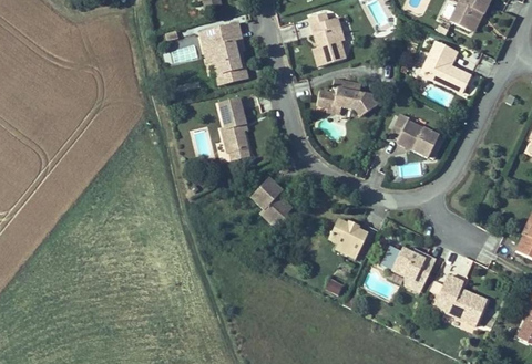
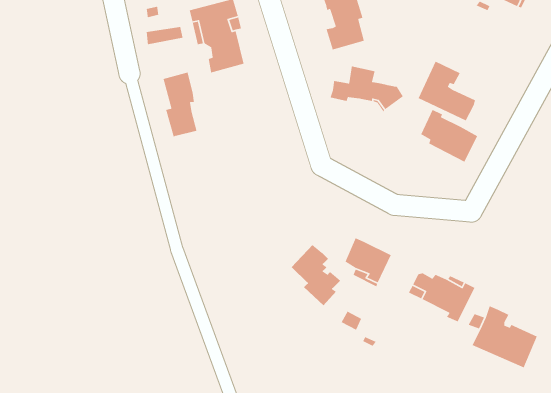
building: [421,42,469,92] -> [418,61,476,122]
building: [218,97,247,152] -> [162,72,197,138]
building: [250,177,291,228] -> [291,244,341,306]

